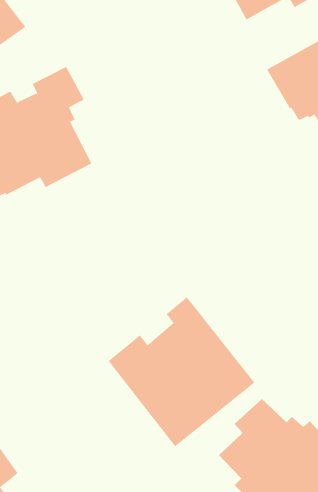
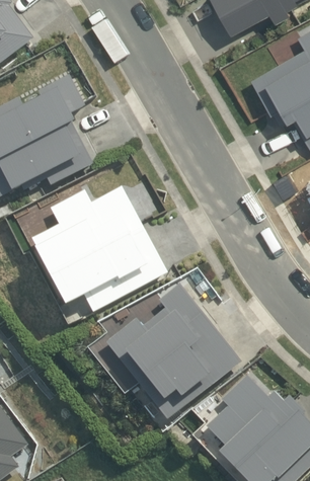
building: none -> [31,187,167,314]

